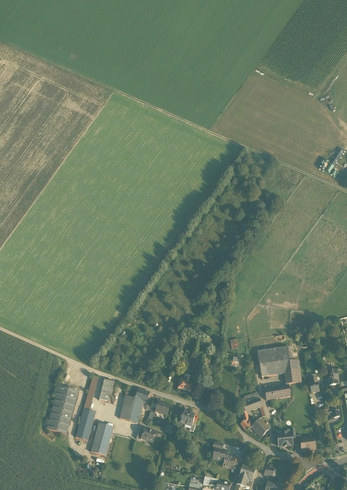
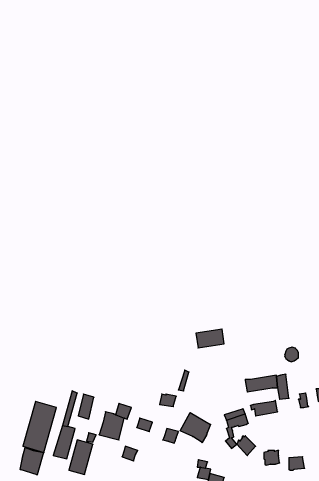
building: [262,346,289,364] -> [196,329,224,348]
building: none -> [180,413,211,443]
building: none -> [20,448,43,475]

